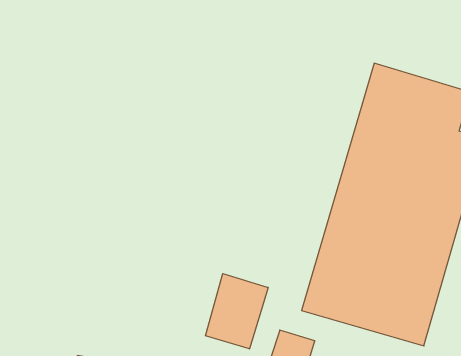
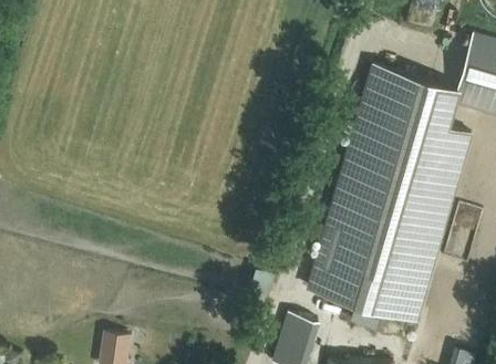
building: [205,274,268,349] -> none

